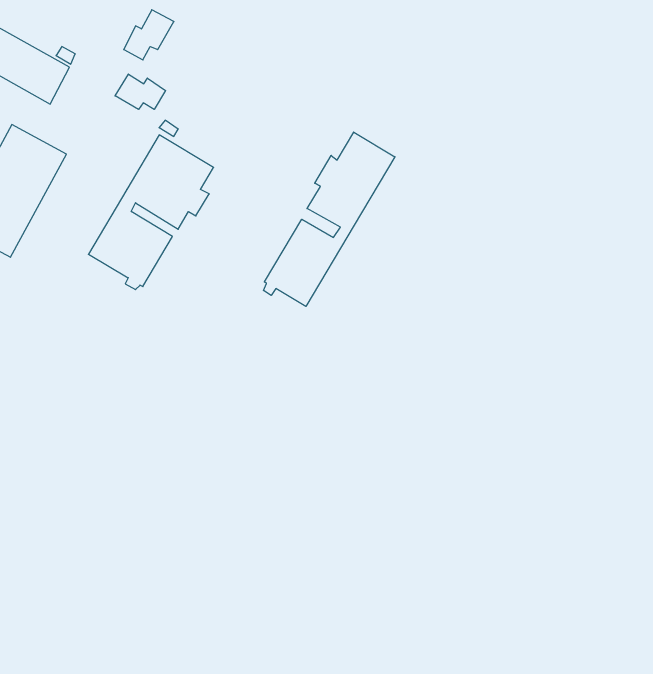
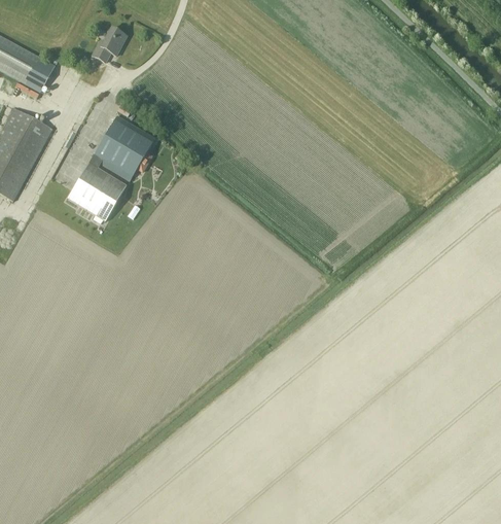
building: [115,74,166,109] -> none
building: [264,132,395,306] -> none

